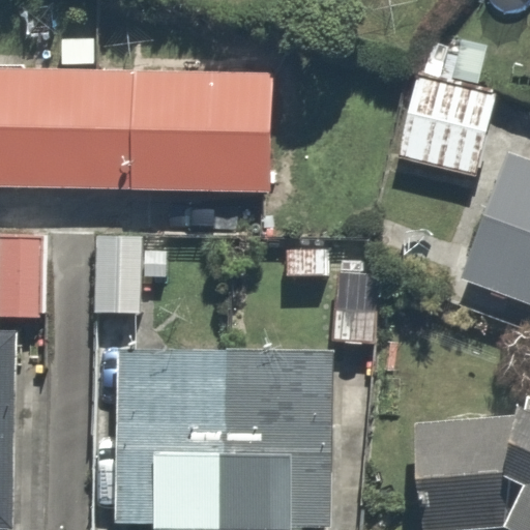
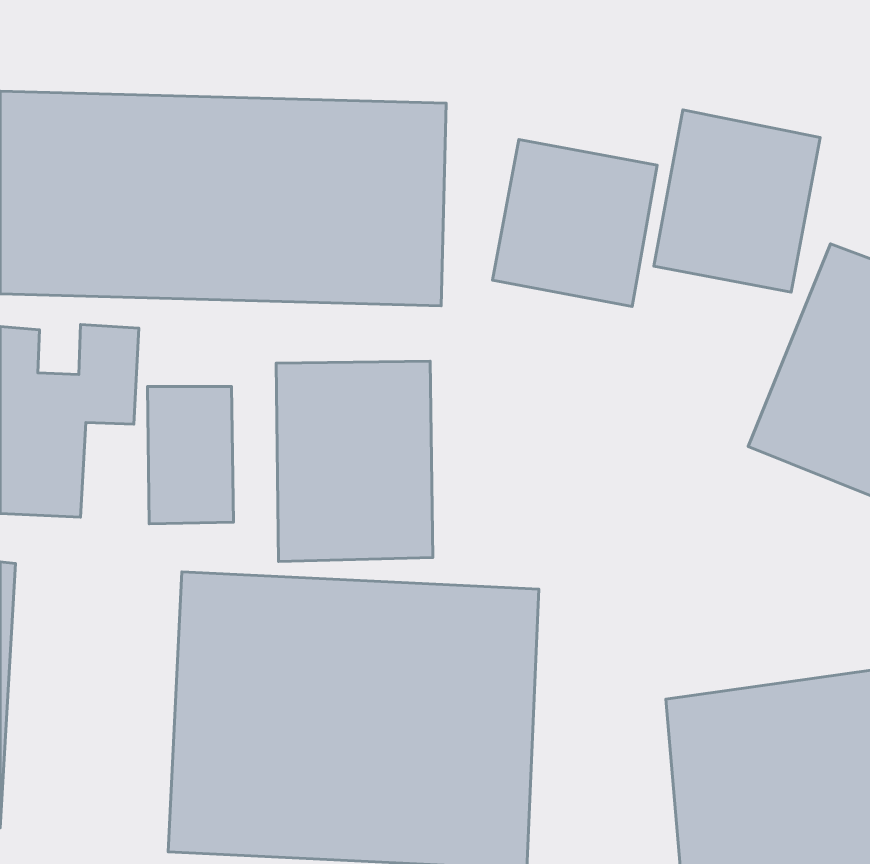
building: none -> [493,139,657,306]
building: none -> [276,361,433,561]

